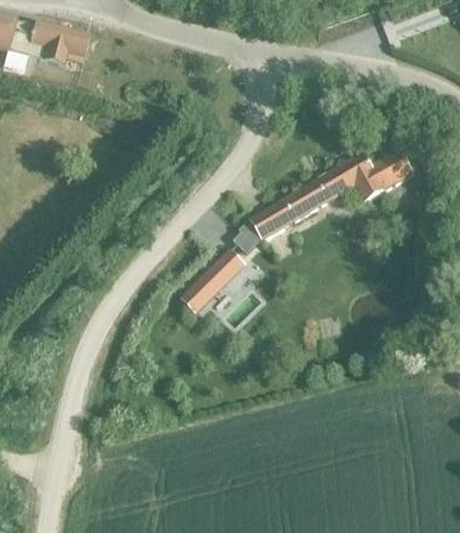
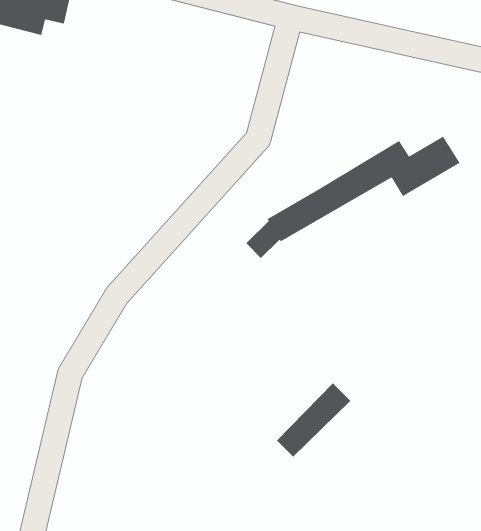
building: [181,247,244,311] -> [276,383,351,457]

